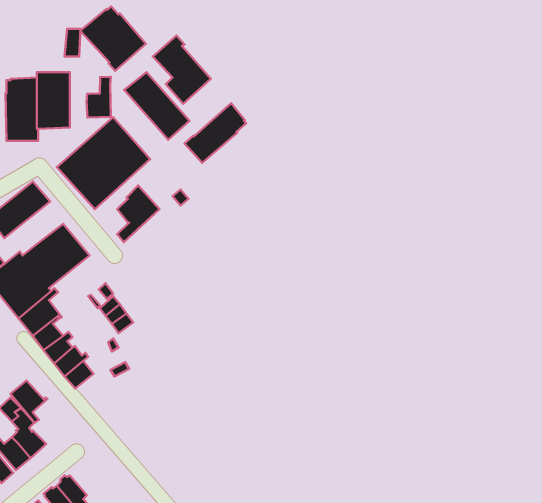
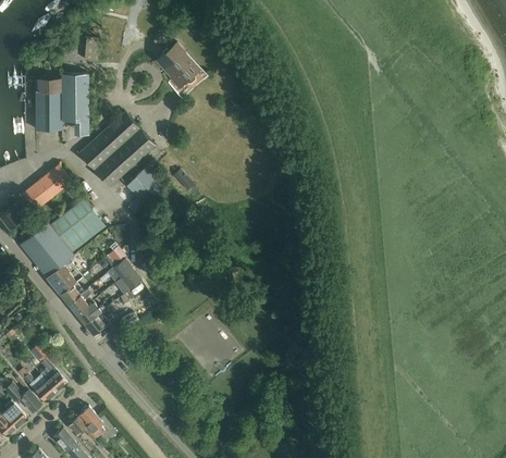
building: [80,6,146,71] -> none
building: [124,72,190,140] -> none
building: [86,77,111,117] -> none
building: [185,103,246,163] -> none
building: [10,381,47,423] -> none

